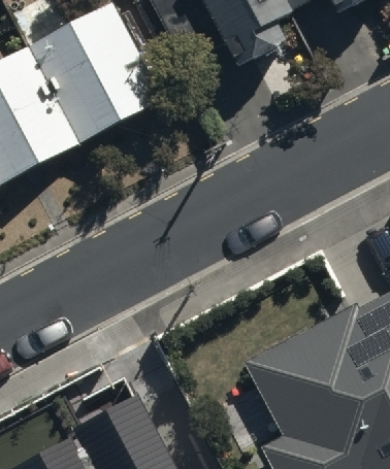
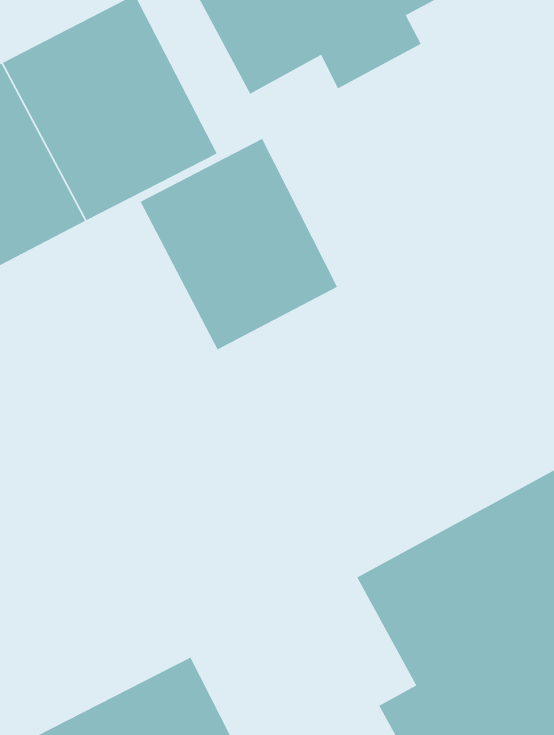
building: none -> [139,138,338,351]

